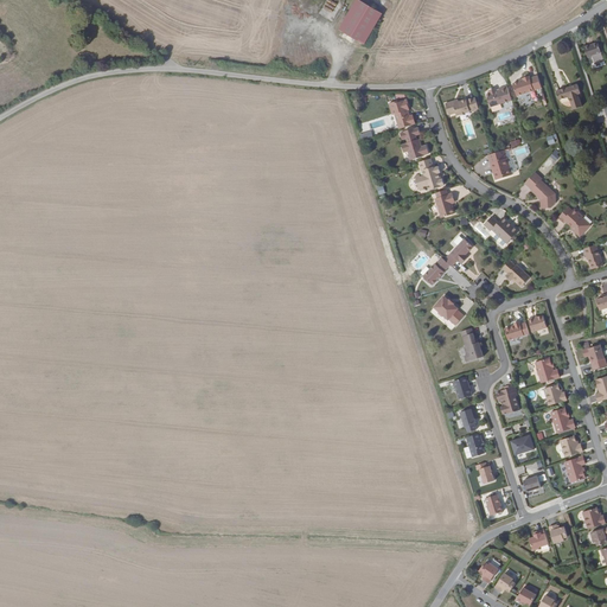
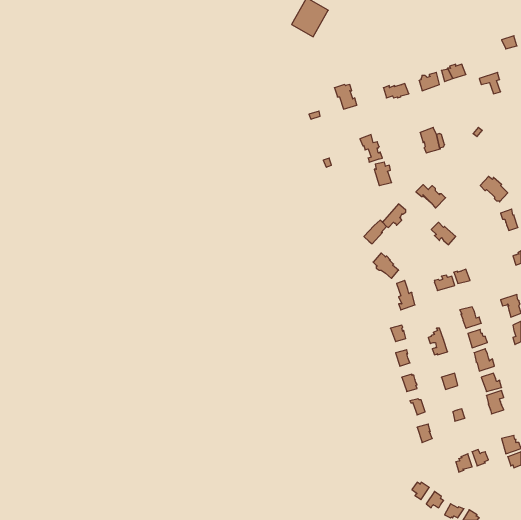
building: [401,126,429,158] -> none
building: [525,171,556,207] -> none

